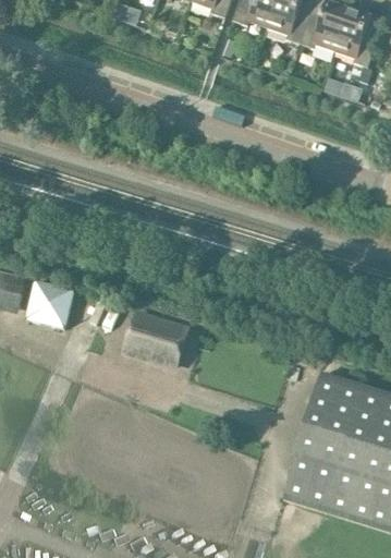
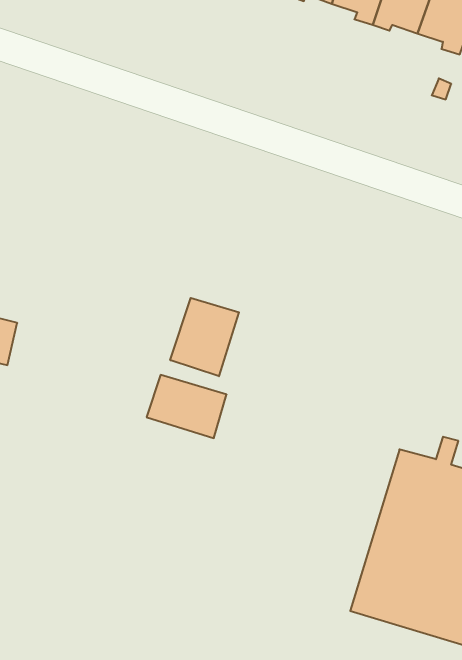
building: none -> [170,298,239,376]
building: [22,278,71,326] -> none

